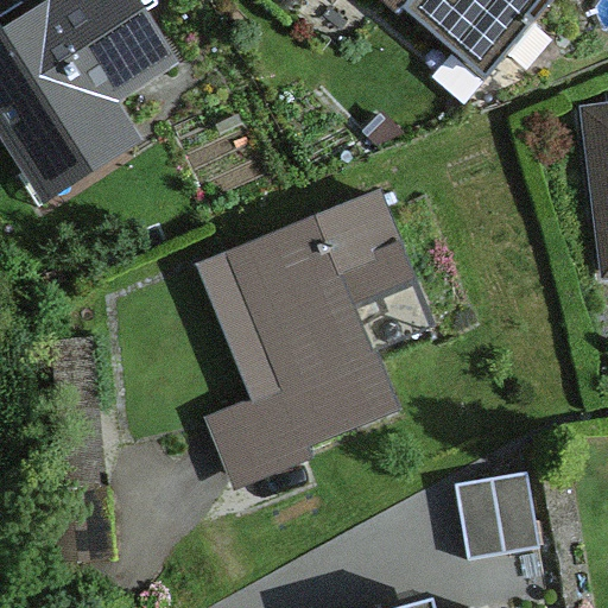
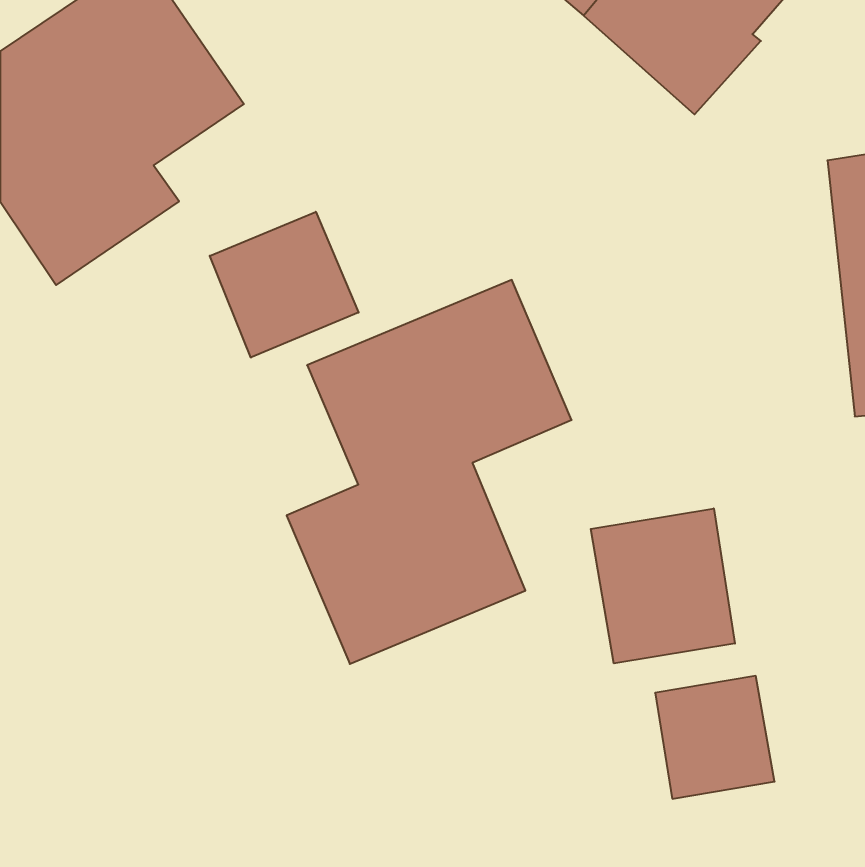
building: none -> [210,212,359,358]
building: none -> [591,508,735,663]

